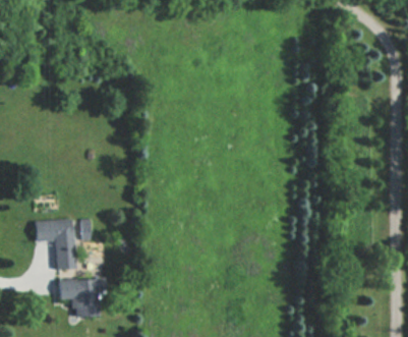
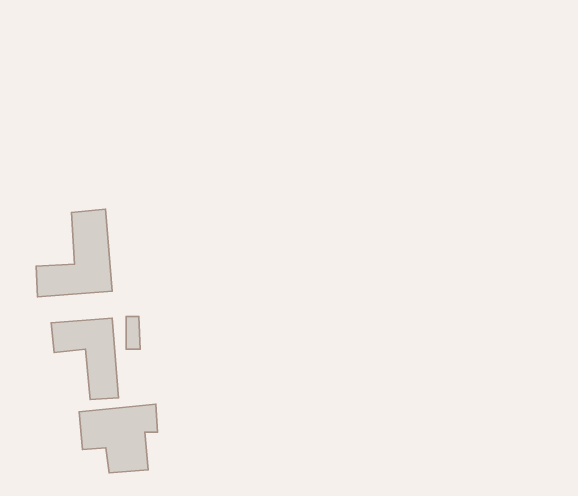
building: none -> [36,209,112,297]

